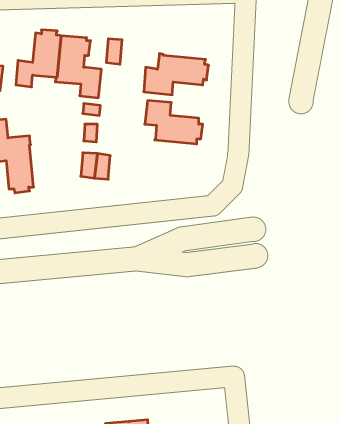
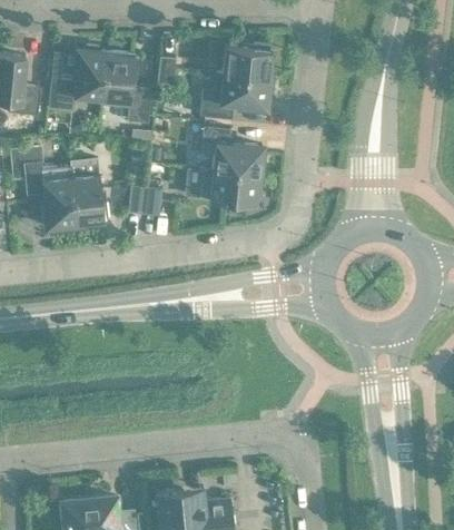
building: none -> [221,46,272,80]
building: none -> [198,169,259,208]
building: none -> [70,175,108,225]

